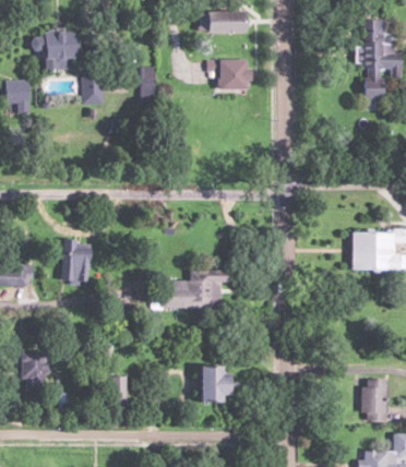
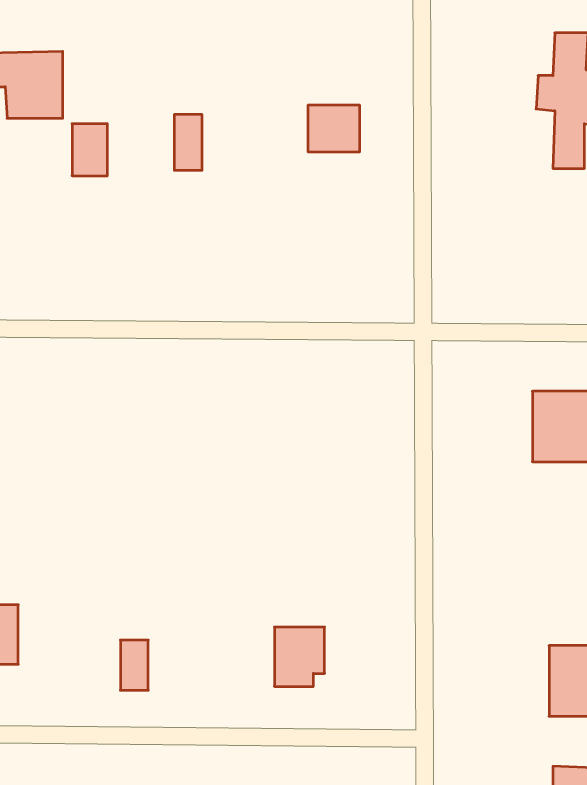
building: [207,10,252,32] -> none
building: [63,240,89,284] -> none
building: [157,268,231,304] -> none

